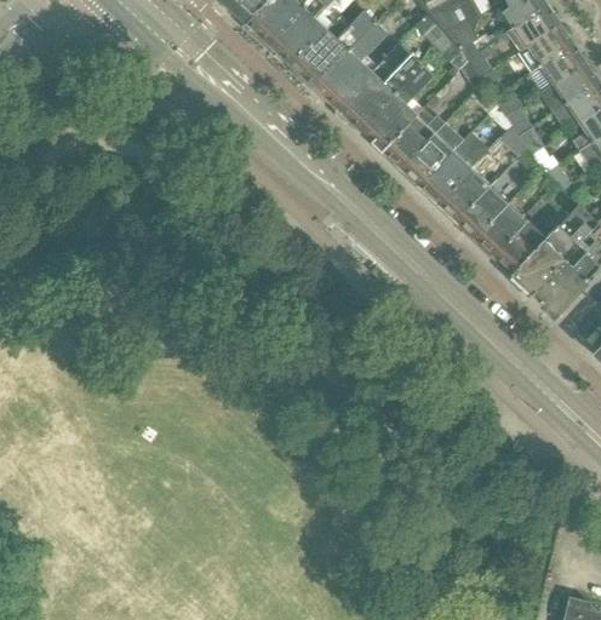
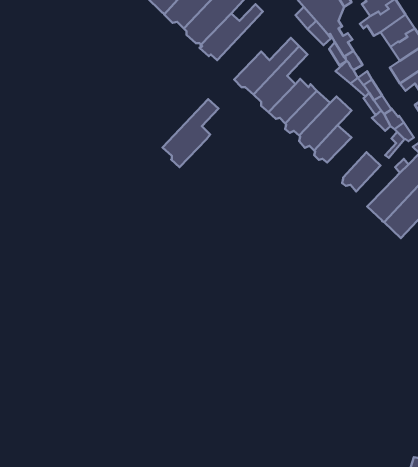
building: [315,19,388,108] -> [163,99,219,167]
building: [458,183,509,235] -> none
building: [496,219,545,269] -> none

